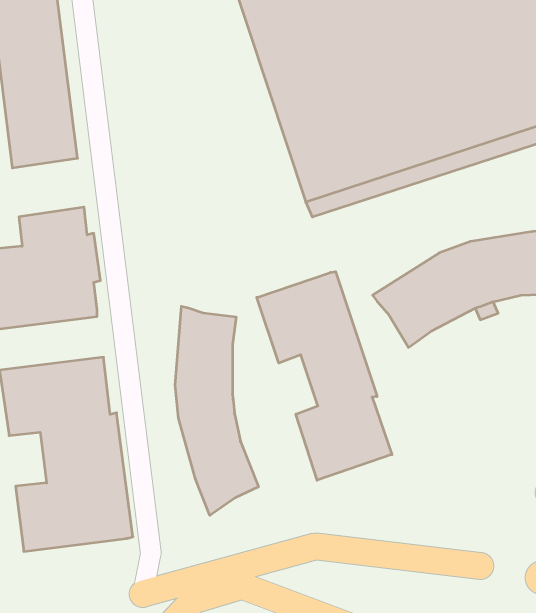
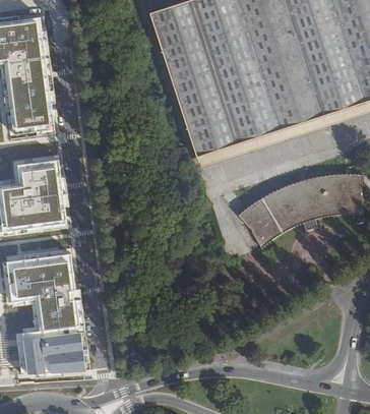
building: [257,272,392,480] -> none
building: [175,306,258,515] -> none

